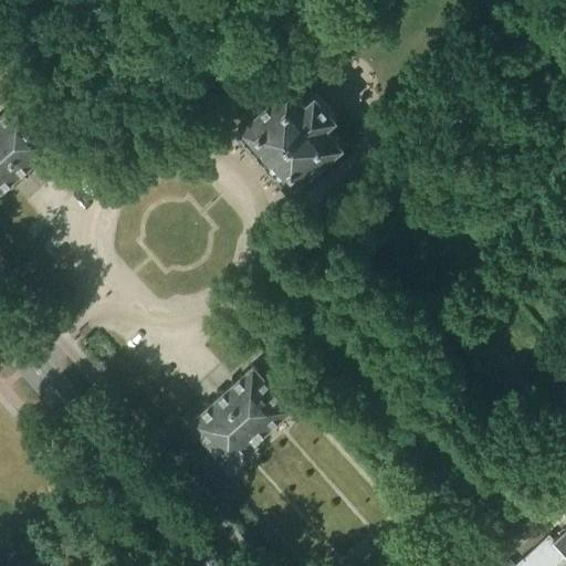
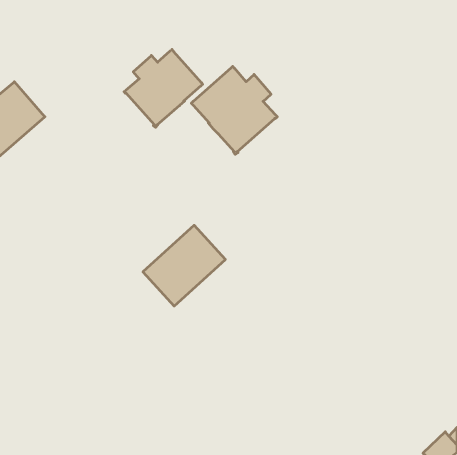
building: none -> [124,49,203,127]
building: [188,371,290,471] -> [143,225,225,306]

